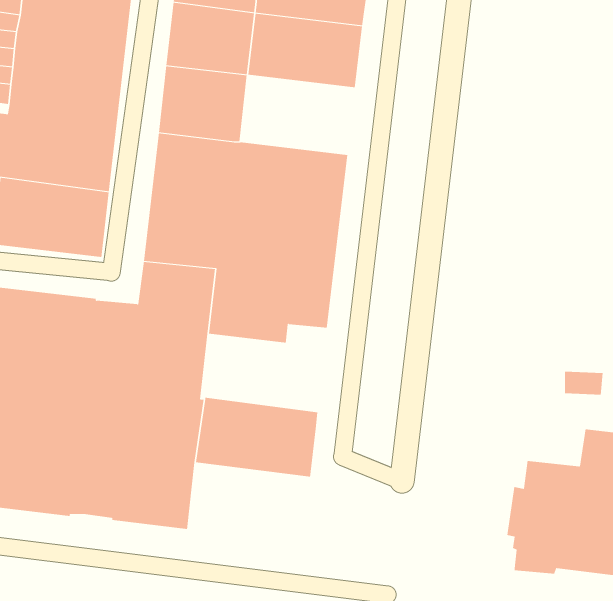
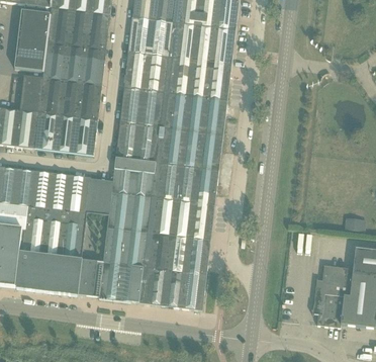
building: none -> [167,55,229,98]
building: none -> [146,190,214,238]
building: none -> [138,265,205,309]

